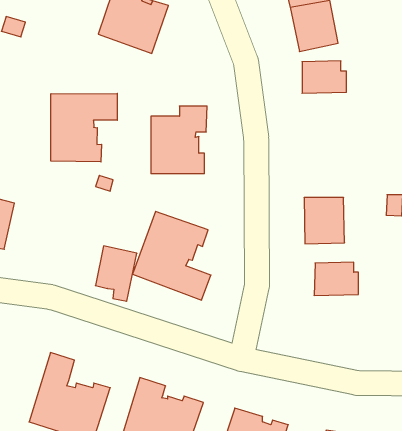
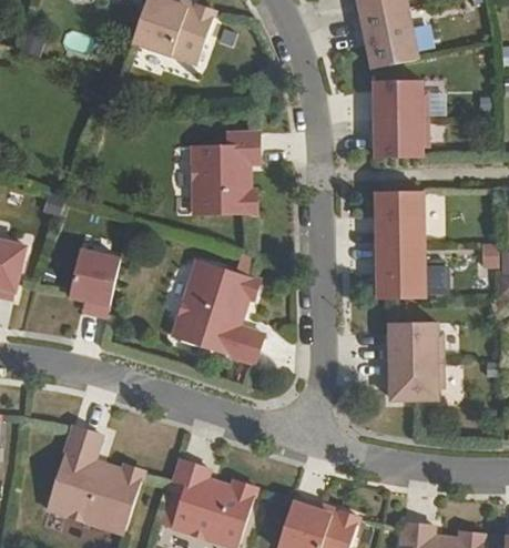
building: none -> [375,116,428,156]
building: [51,93,117,162] -> none
building: none -> [376,189,425,243]
building: [95,246,137,301] -> [70,248,120,315]
building: none -> [387,359,442,398]

